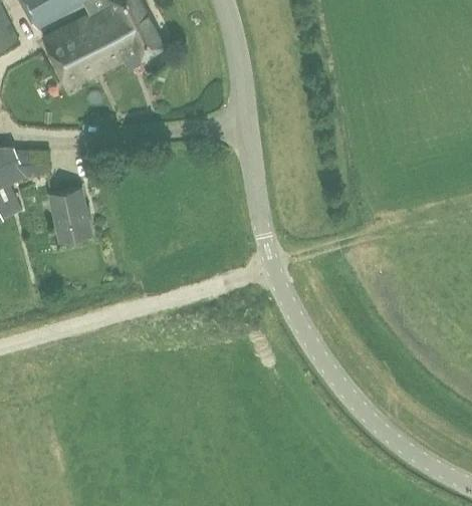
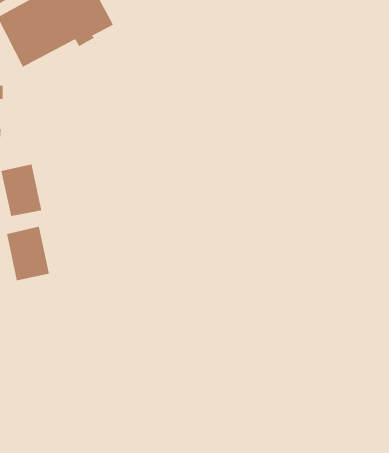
building: none -> [7,226,50,281]

